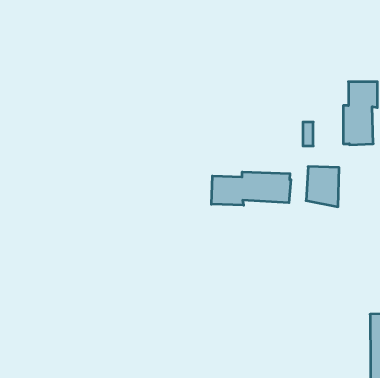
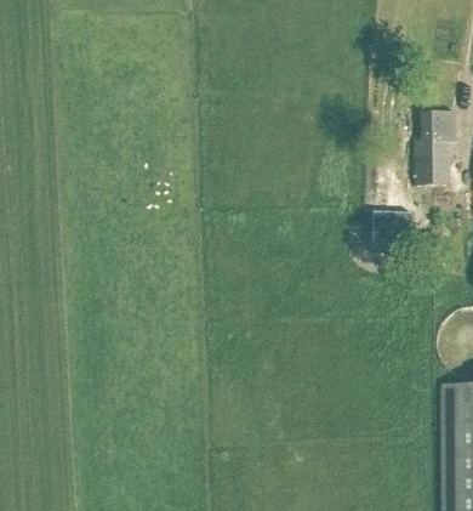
building: [211,172,291,205] -> none

